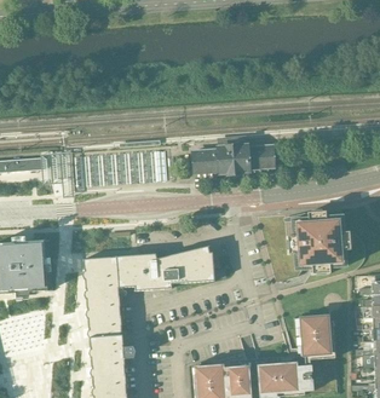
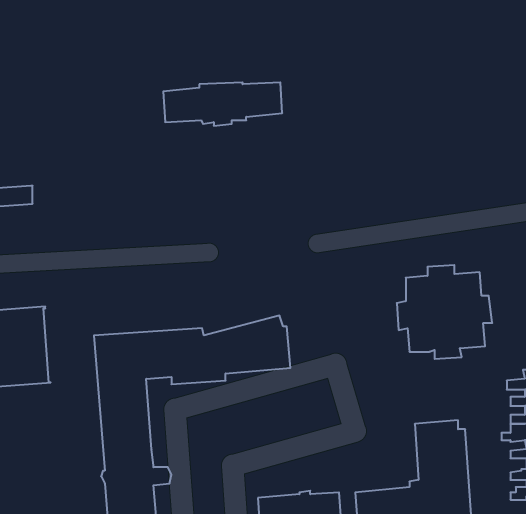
building: [194,145,274,174] -> [163,82,282,126]

